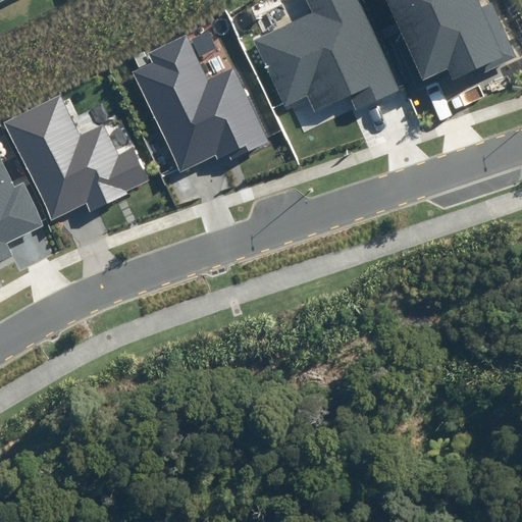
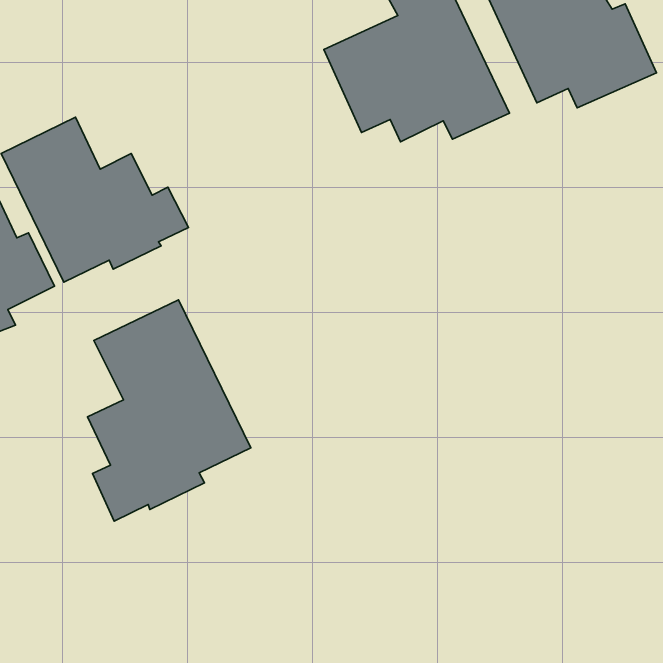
building: [132,34,268,170] -> none
building: none -> [88,300,251,521]

